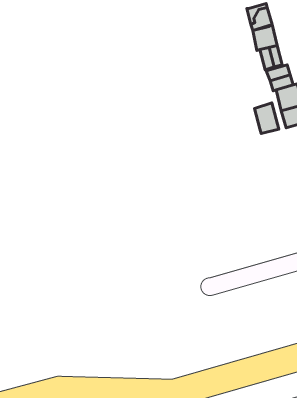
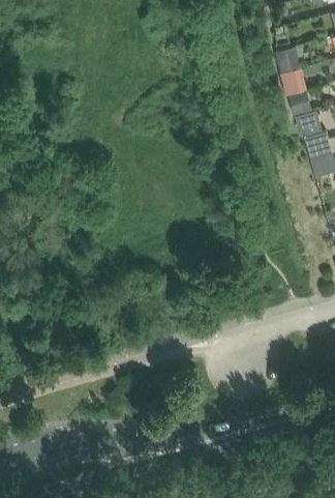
building: [254,103,279,134] -> none

